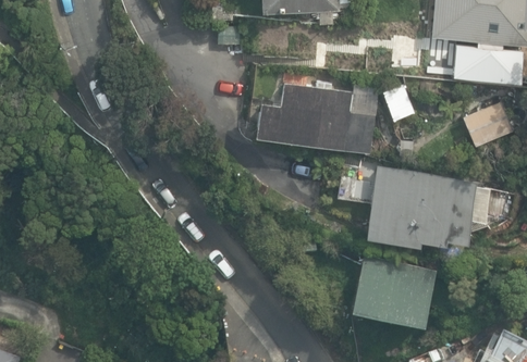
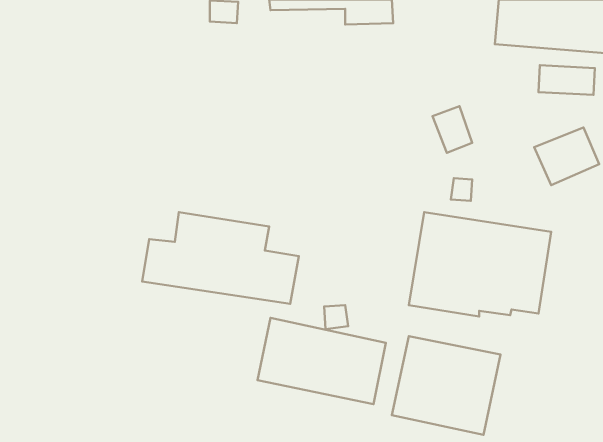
building: [256,79,377,150] -> [142,212,299,304]
building: none -> [258,318,386,404]

